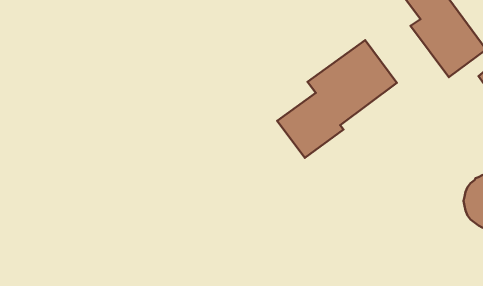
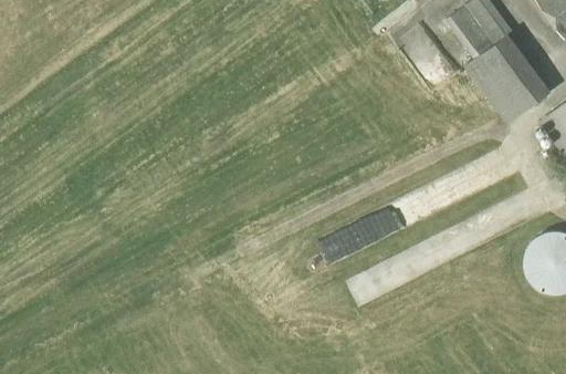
building: [277,40,397,158] -> none

